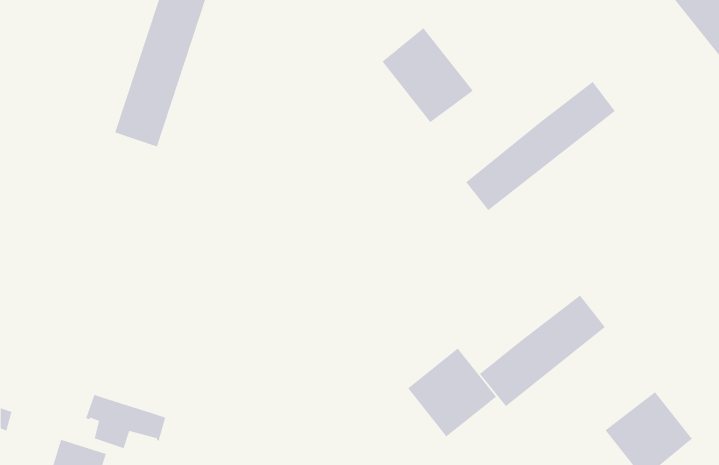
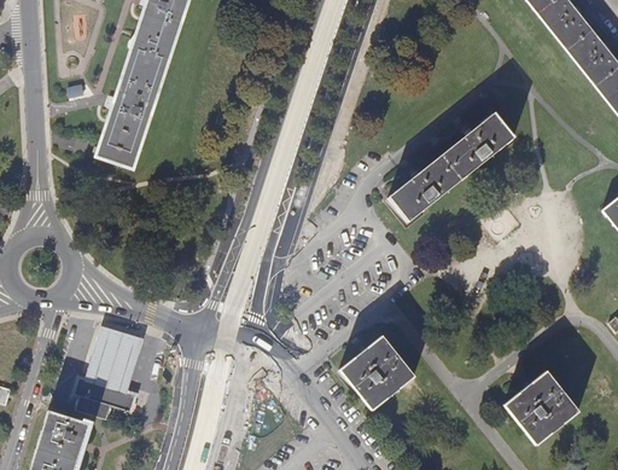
building: [382,27,474,123] -> none
building: [479,295,606,407] -> none
building: none -> [87,325,145,389]

